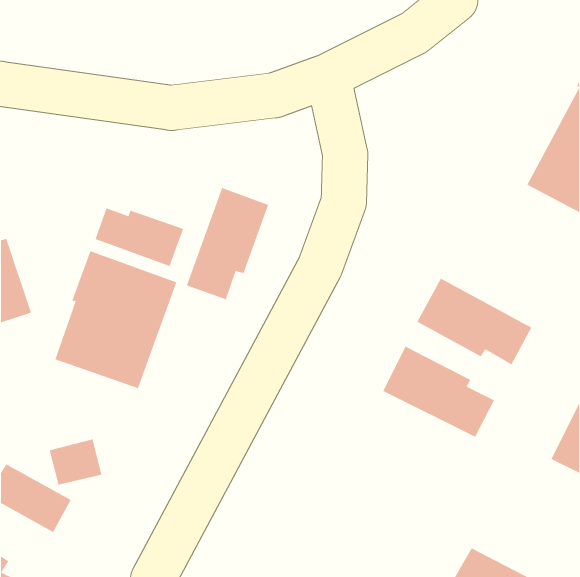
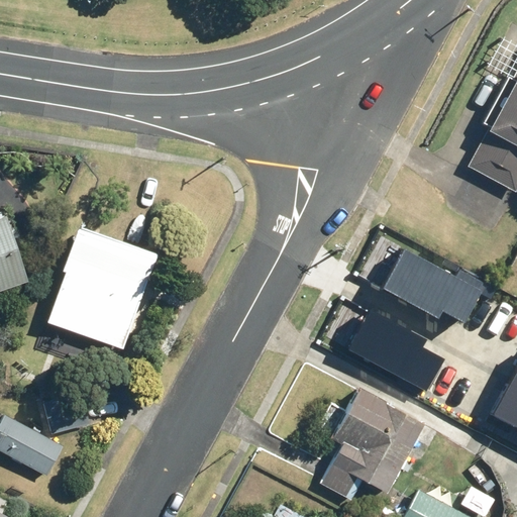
building: [186,187,269,300] -> none
building: [95,208,184,267] -> none
building: none -> [321,387,425,500]

